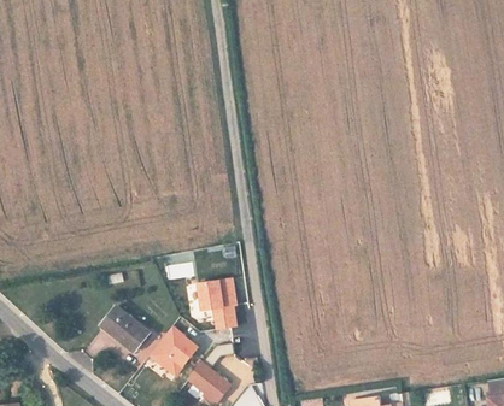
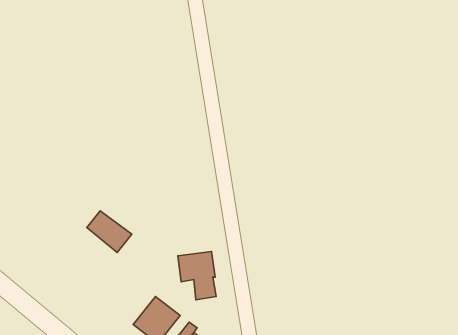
building: [99,306,147,351] -> [87,211,132,252]

